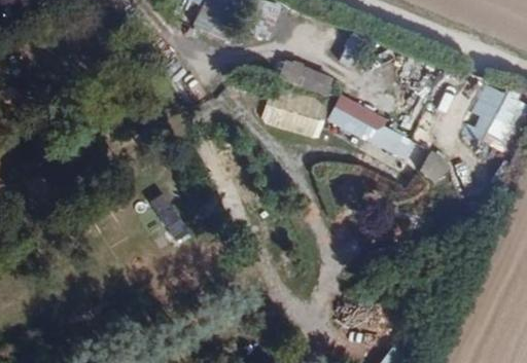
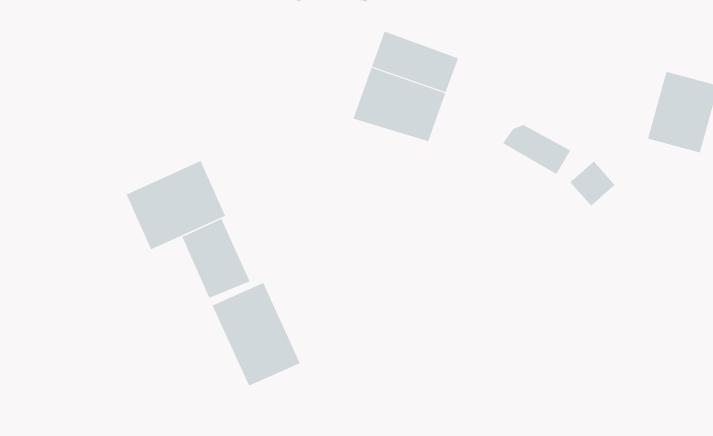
building: [327,93,386,138] -> none
building: none -> [126,160,226,250]
building: none -> [212,282,300,387]

